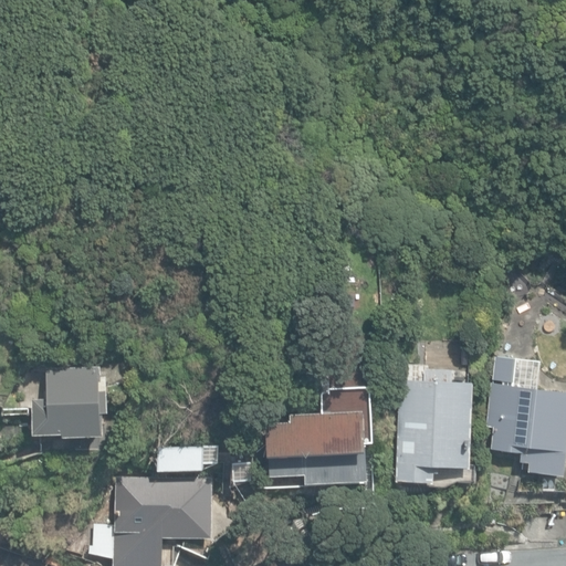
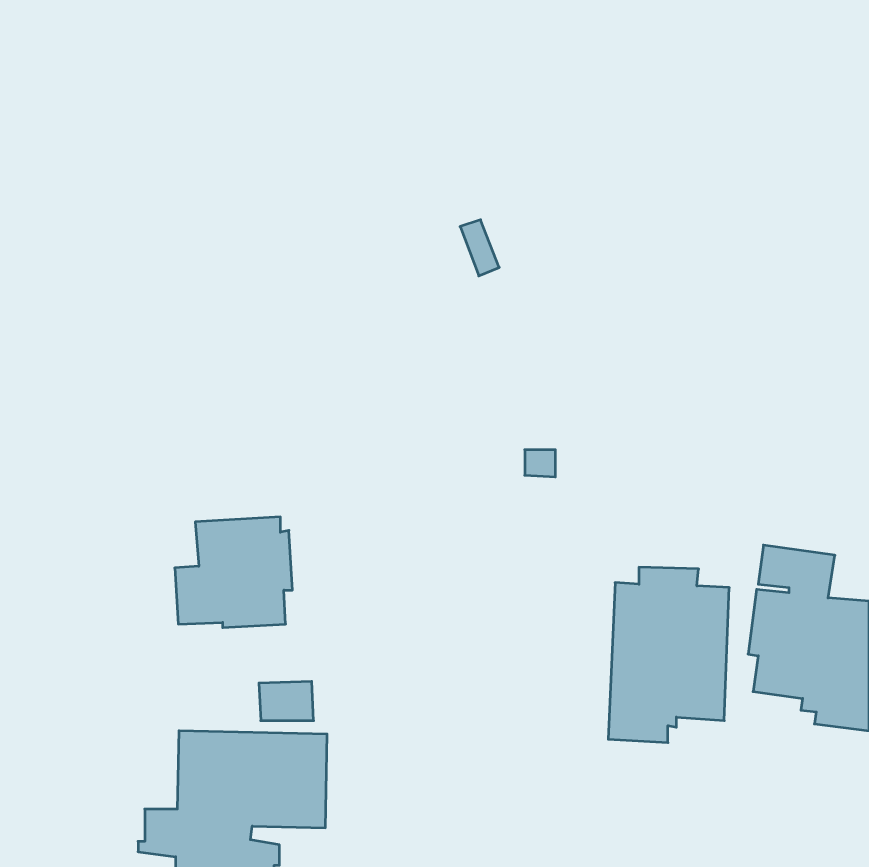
building: [31,366,107,438] -> [175,517,292,628]
building: [265,385,373,486] -> none

